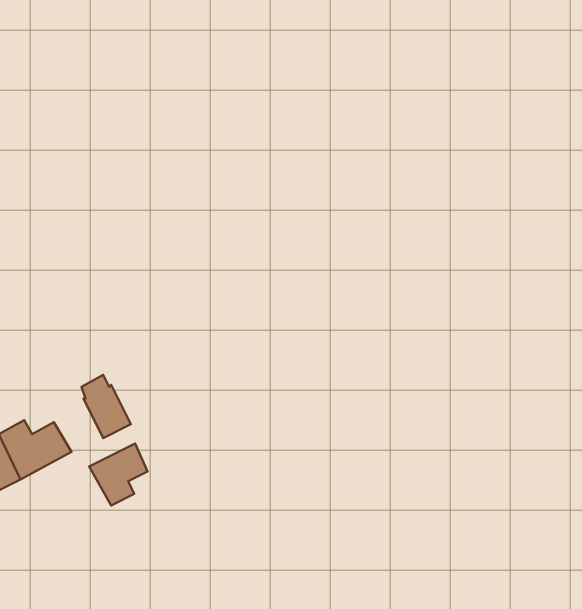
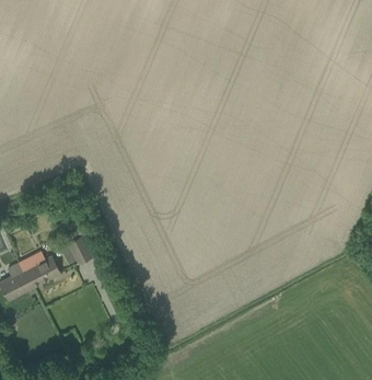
building: [89,444,148,505] -> none

